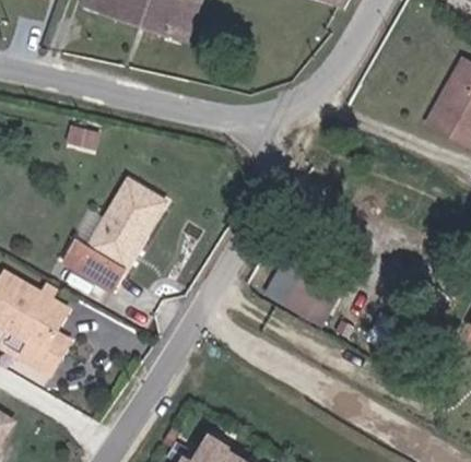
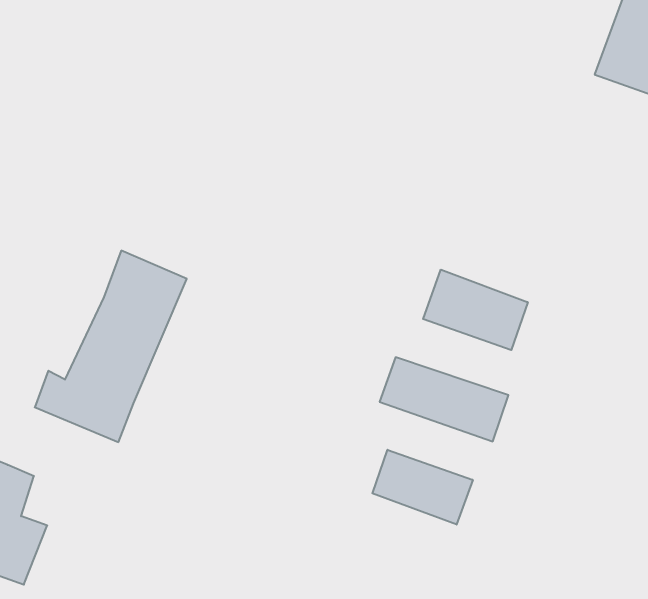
building: none -> [423,270,528,350]
building: none -> [372,450,473,525]

